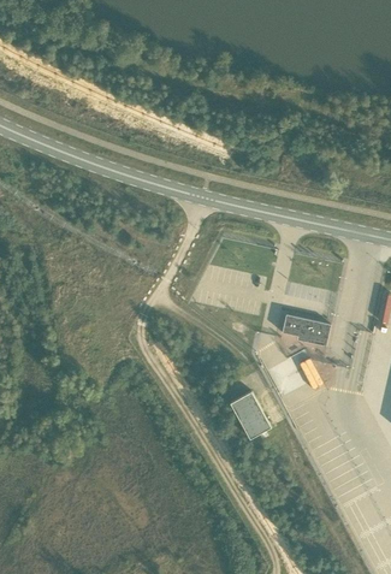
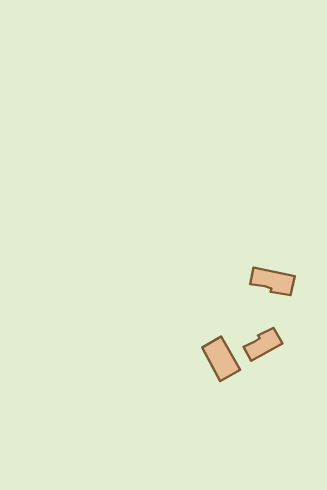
building: none -> [244,328,283,361]

